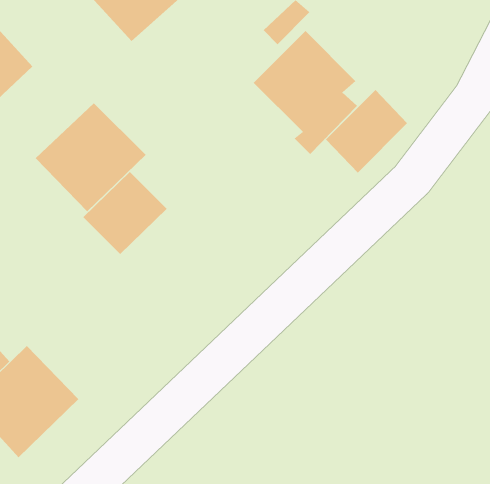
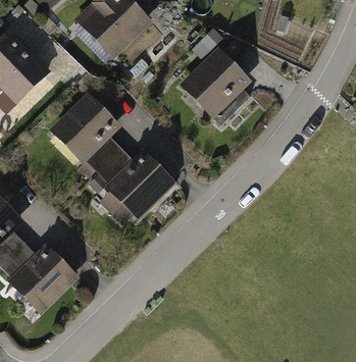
building: [325,89,408,173] -> none
building: none -> [104,150,174,220]

